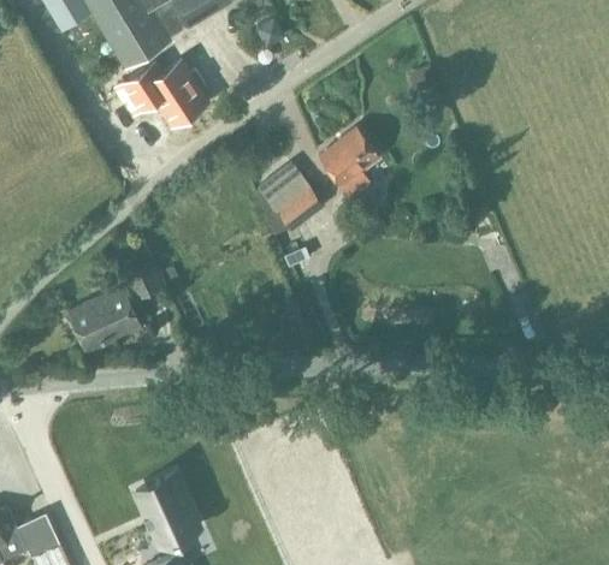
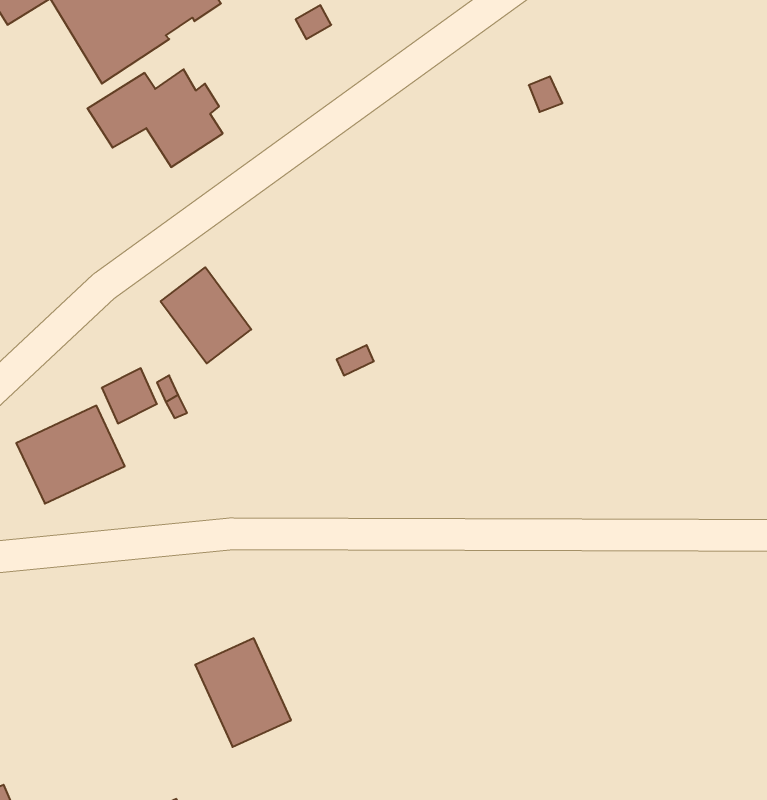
building: [319,126,378,188] -> none
building: [259,162,320,227] -> [161,267,251,363]
building: [135,472,200,546] -> [195,638,291,747]

